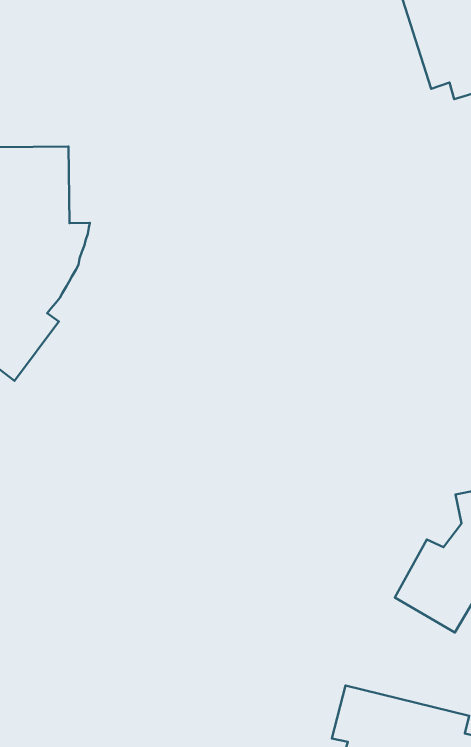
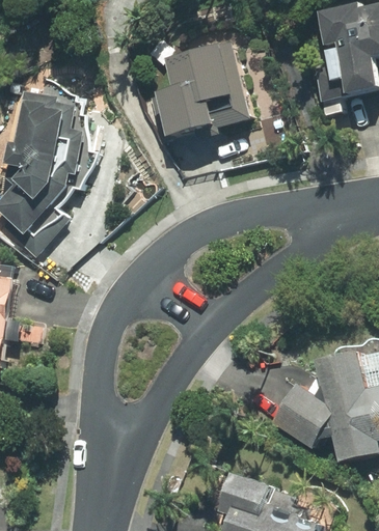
building: none -> [154,44,251,140]

